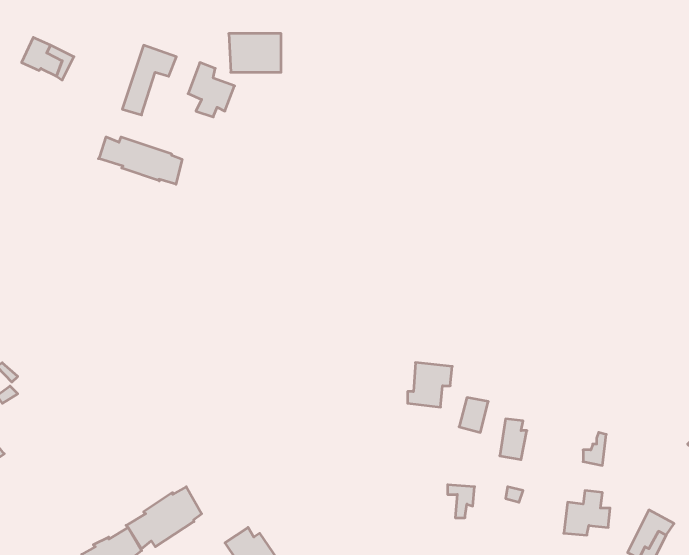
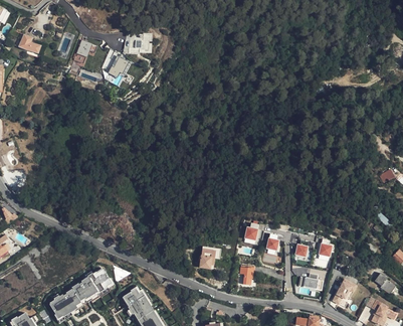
building: [98,137,182,184] -> none
building: [408,363,452,407] -> [197,246,220,269]

